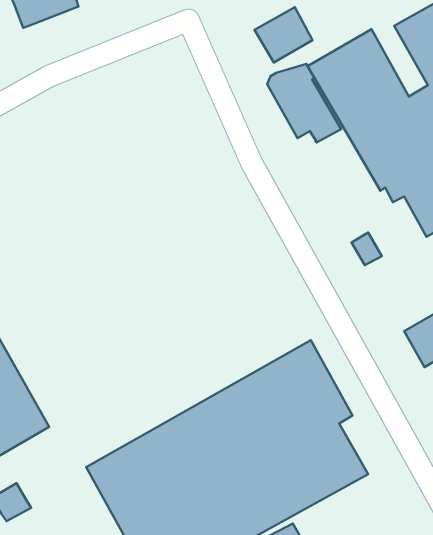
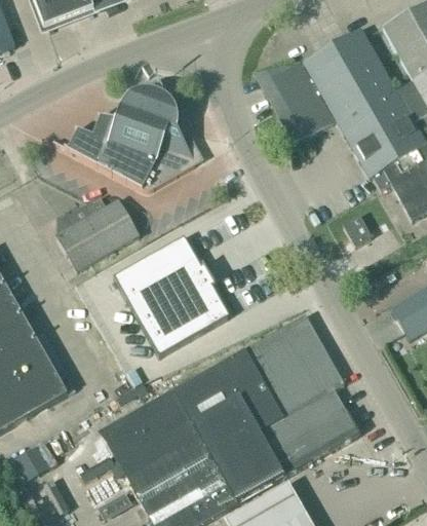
building: [255,7,312,62] -> none
building: none -> [53,90,204,189]
building: none -> [55,195,139,270]
building: none -> [113,235,229,355]

